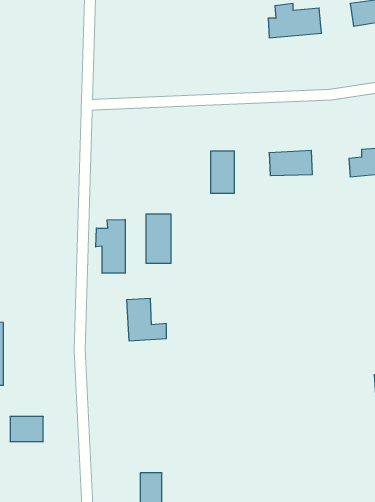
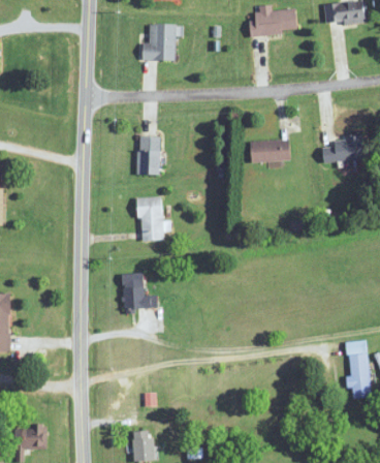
building: none -> [142,25,176,60]
building: [211,151,234,193] -> [138,135,160,174]
building: [96,219,125,273] -> none
building: [10,417,43,442] -> [15,427,45,450]

